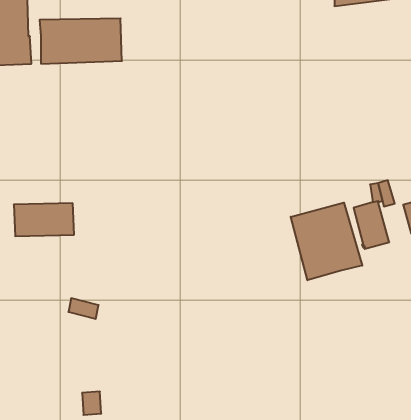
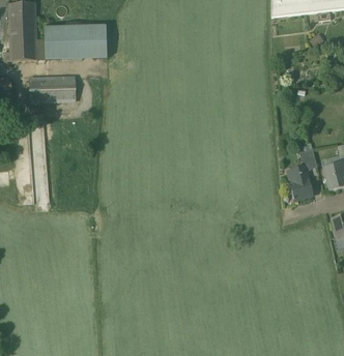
building: [291,203,362,280] -> none
building: [14,203,74,236] -> [33,77,79,101]

